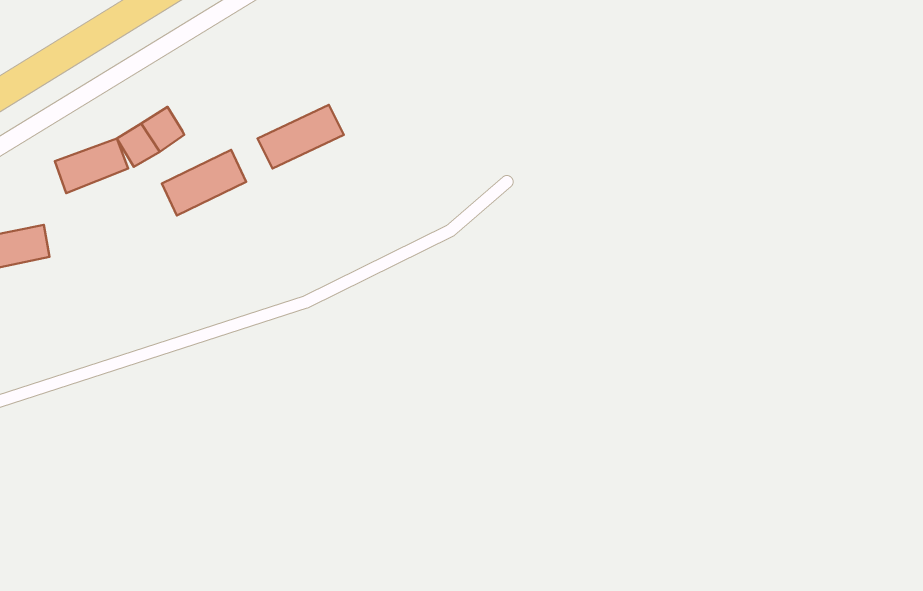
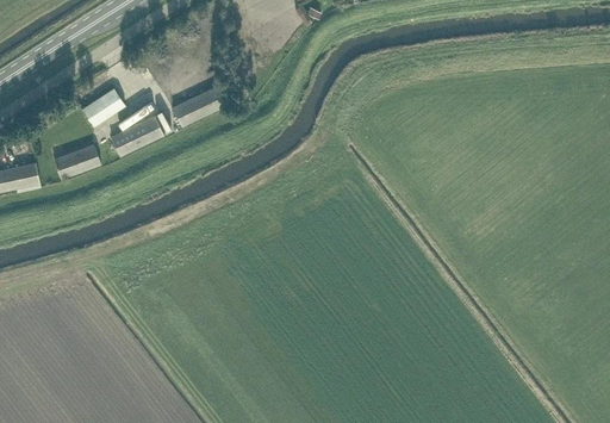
building: [55,139,128,193] -> [54,144,100,179]

